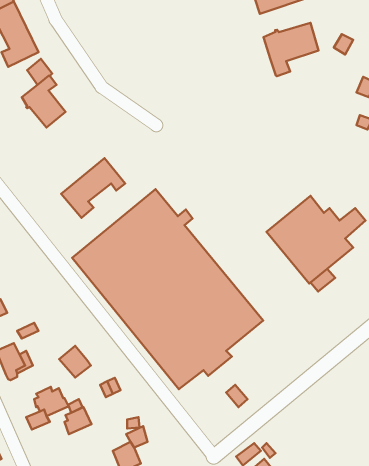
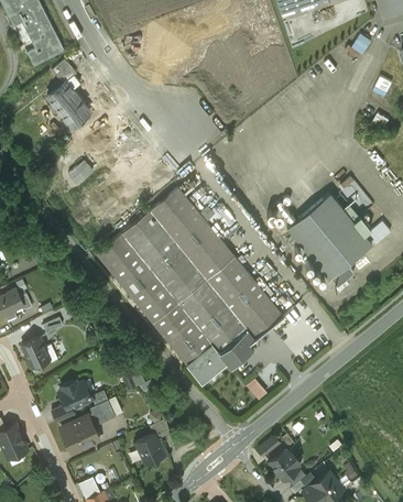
building: [263,23,319,76] -> none
building: [61,158,125,218] -> none
building: [59,346,91,377] -> none
building: none -> [62,415,100,454]

